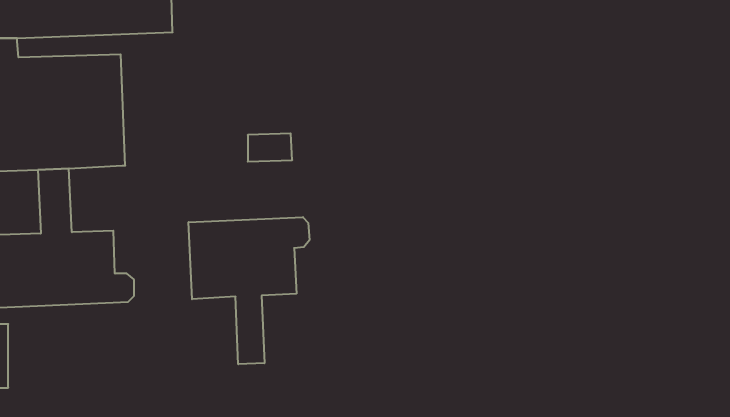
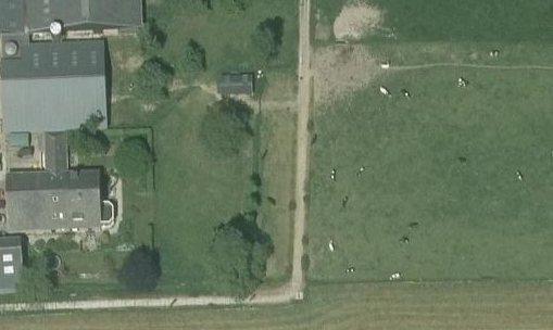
building: [248,133,292,162] -> [219,72,252,92]
building: [189,217,310,364] -> none

